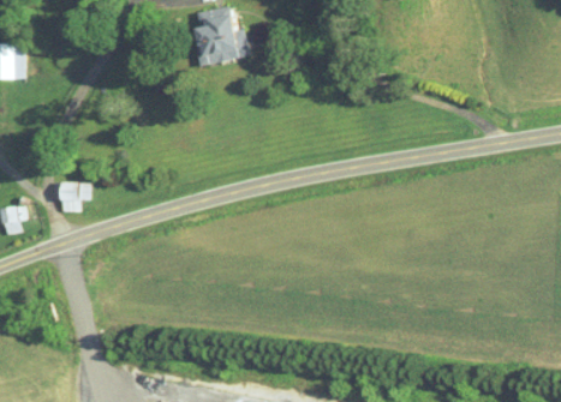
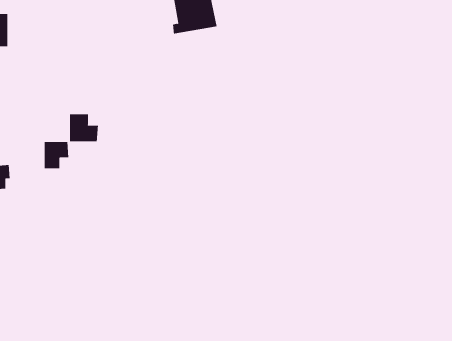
building: none -> [69,113,98,142]

